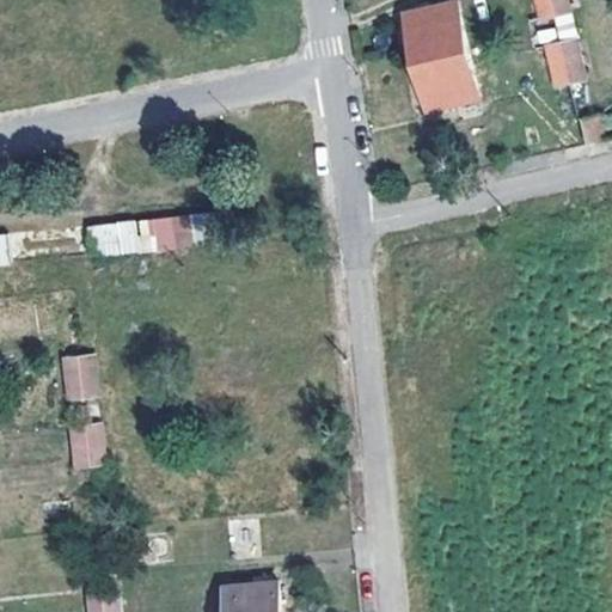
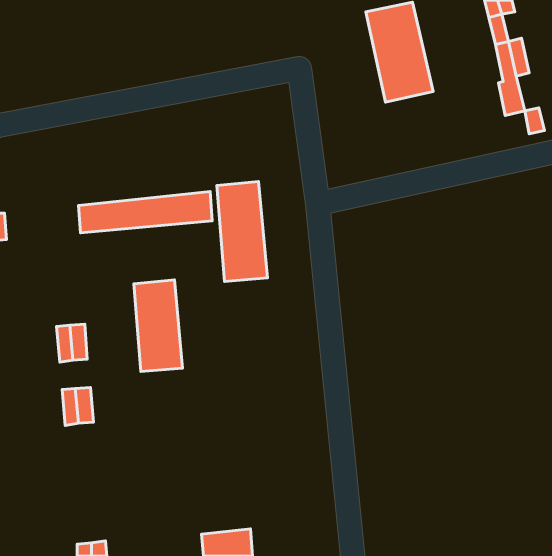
building: none -> [217,181,267,281]
building: none -> [134,280,182,371]

